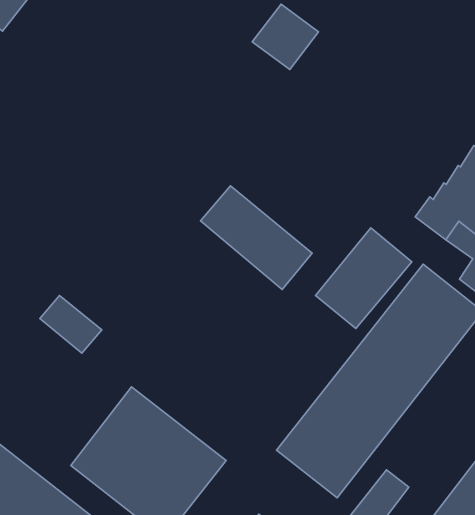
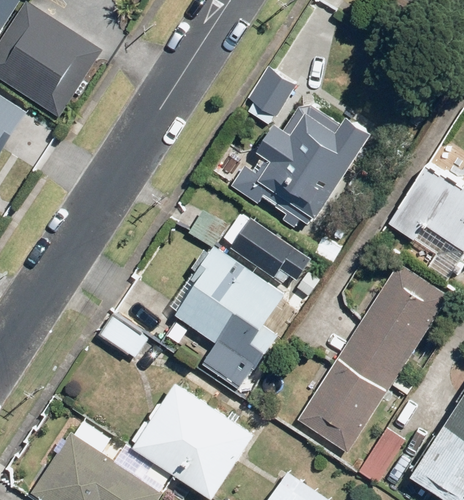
building: none -> [230,102,375,227]
building: none -> [166,249,281,372]
building: [315,228,412,328] -> none

